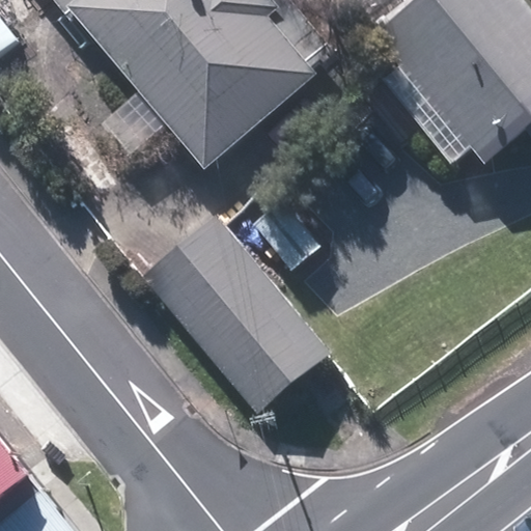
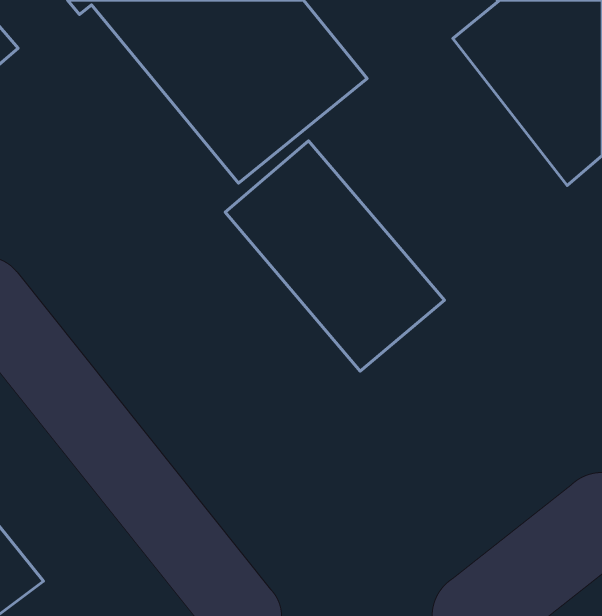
building: [142,219,331,417] -> [225,141,444,371]

